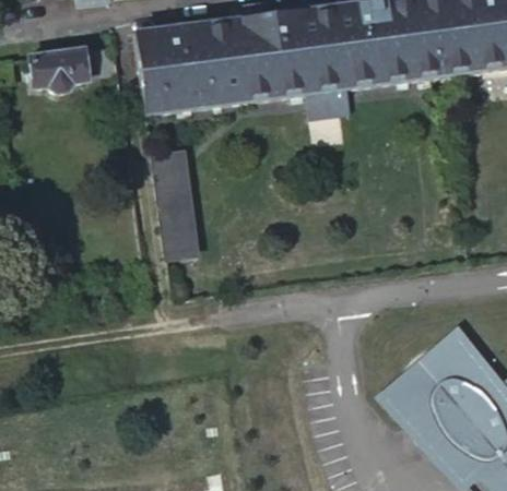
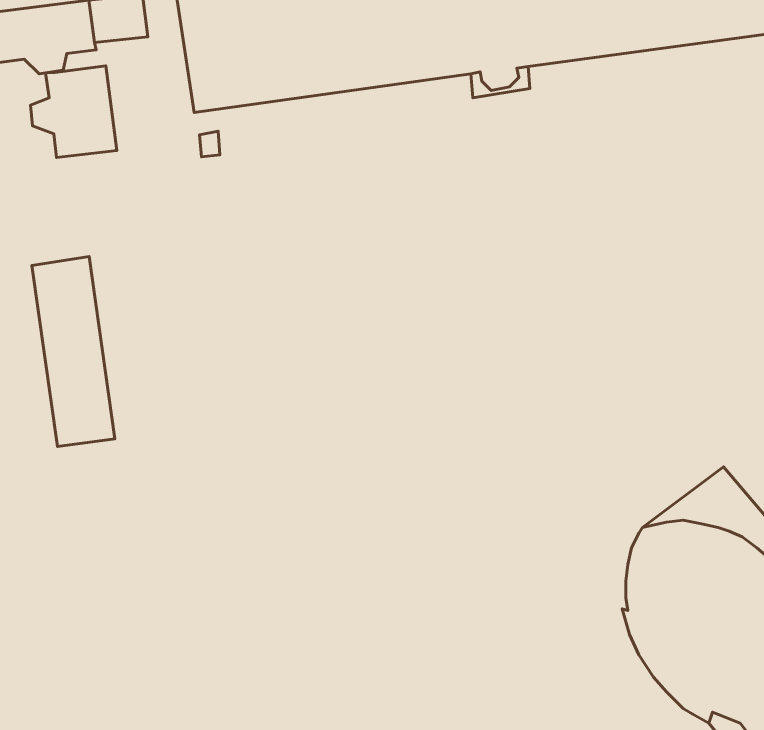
building: none -> [31,66,117,158]
building: [153,146,202,259] -> [32,256,115,446]
building: [374,361,418,450] -> none

